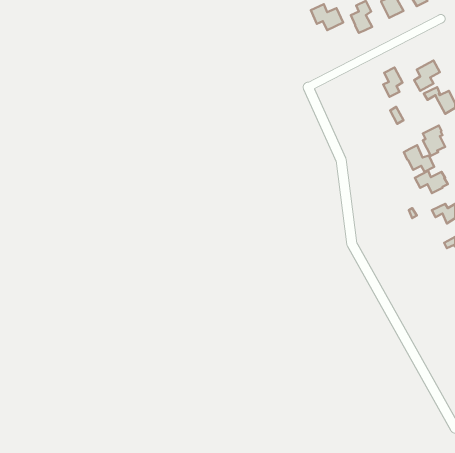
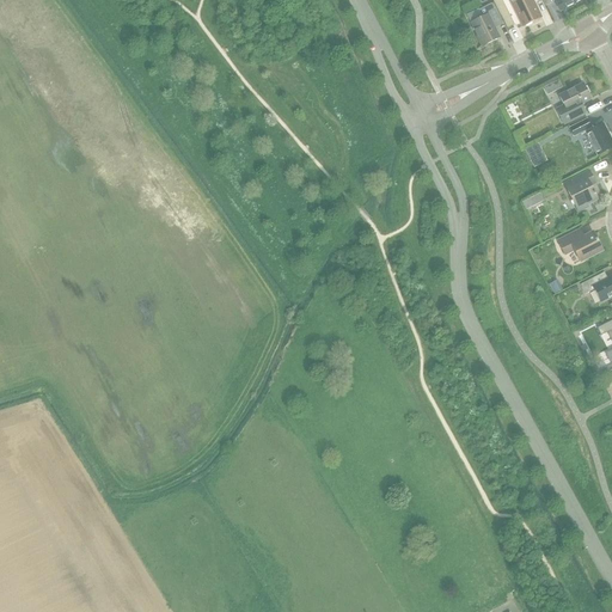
building: [311,4,343,30] -> none
building: [383,67,403,97] -> none
building: [404,145,434,172] -> none

